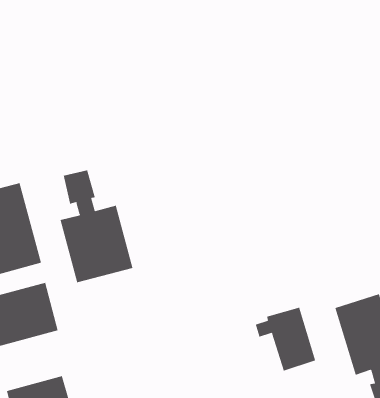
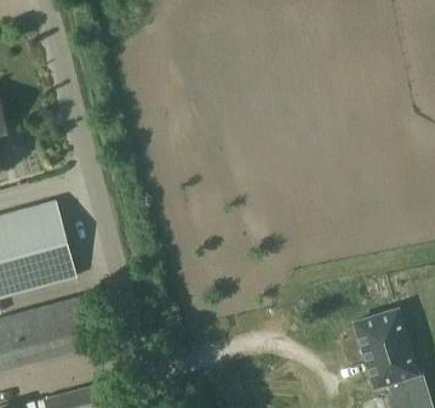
building: [60,169,133,283] -> none
building: [255,307,316,371] -> none

